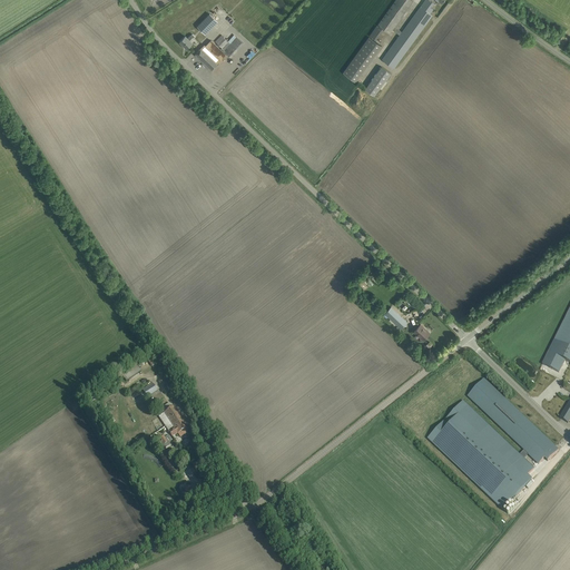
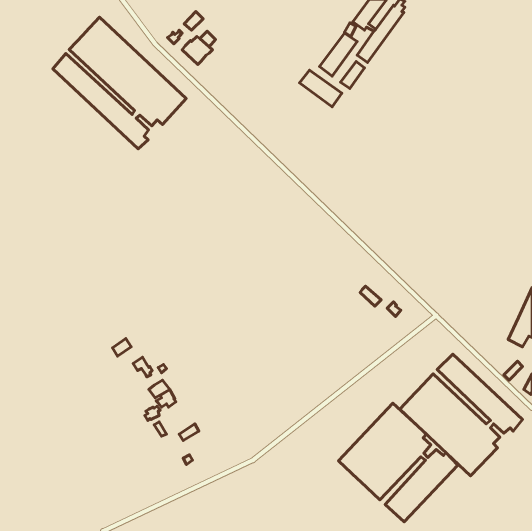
building: none -> [53,17,186,149]
building: none -> [299,70,342,107]
building: none -> [339,403,458,522]

